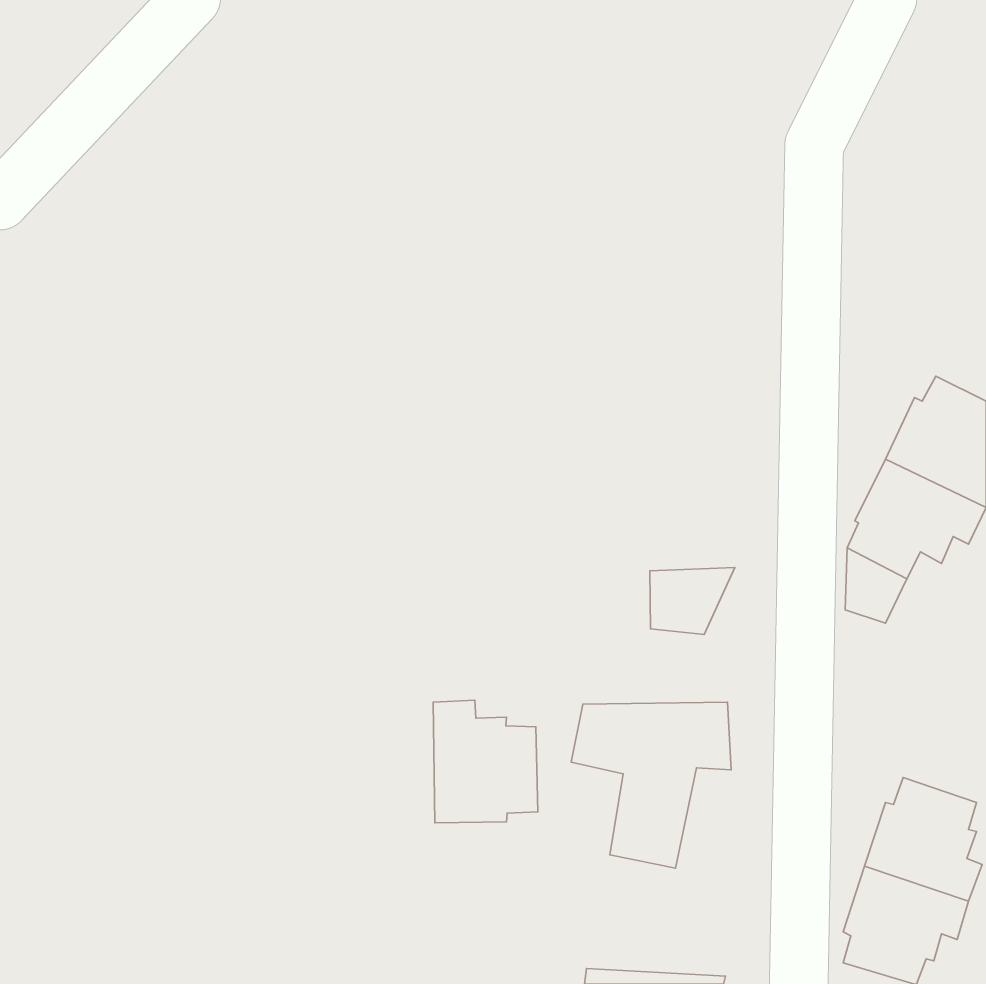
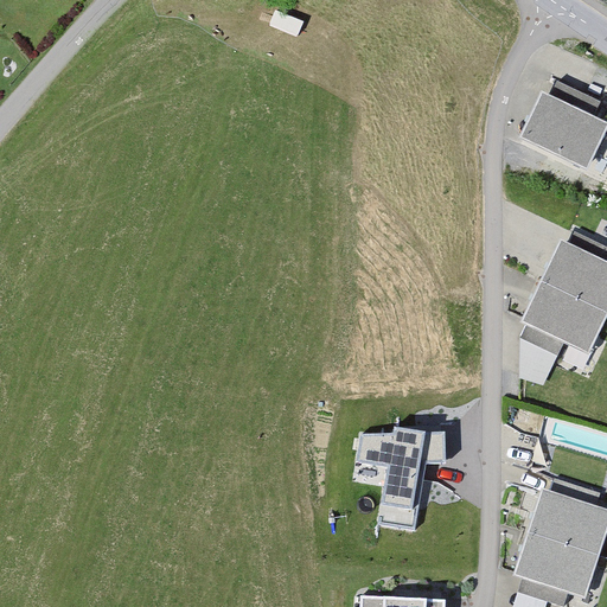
building: none -> [524,81,600,166]
building: [650,567,735,634] -> none
building: [433,700,538,823] -> none

